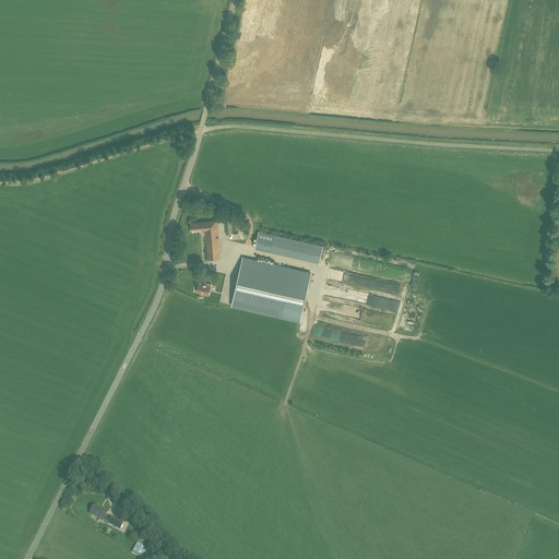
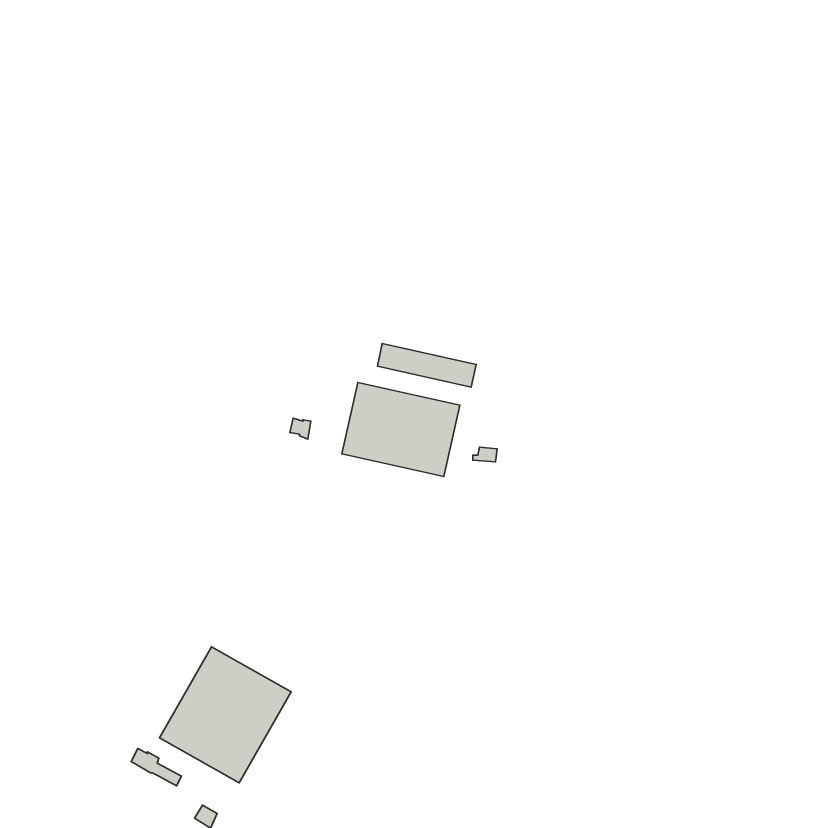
building: [189,221,219,259] -> none
building: none -> [159,647,291,783]

